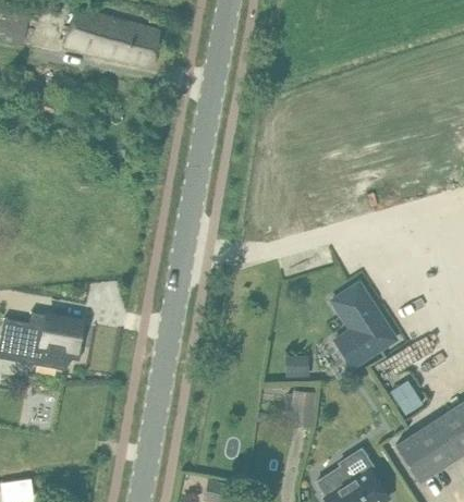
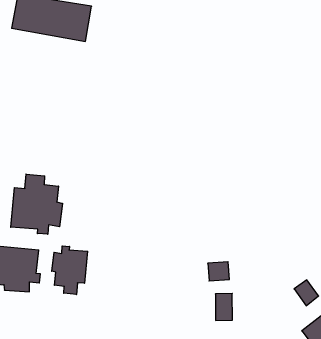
building: none -> [11,174,63,234]
building: [330,283,394,368] -> none
building: none -> [52,246,88,295]

